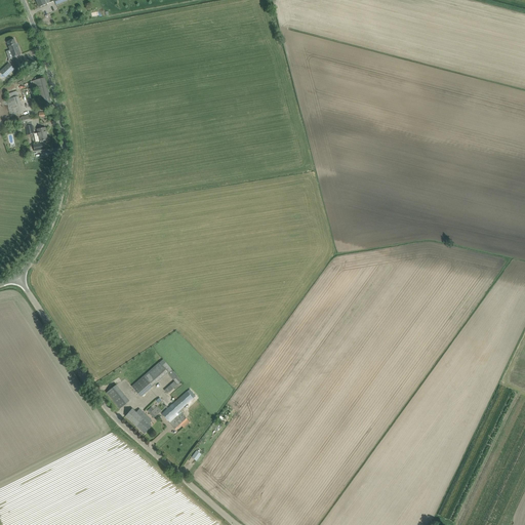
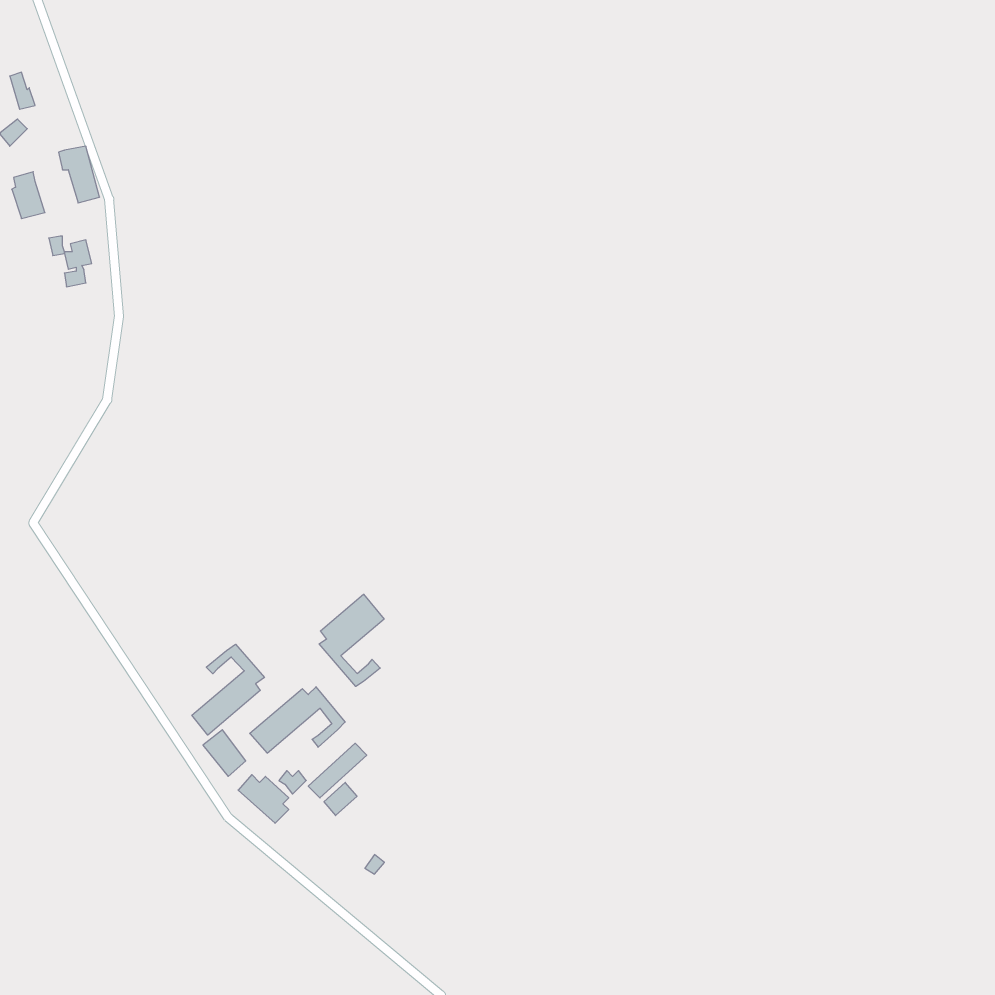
building: none -> [319,594,384,686]
building: none -> [192,644,264,735]

